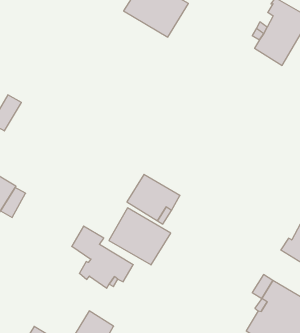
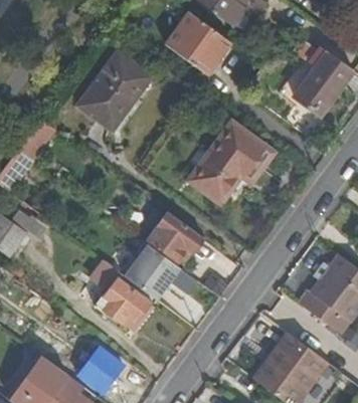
building: none -> [79,54,147,131]
building: none -> [192,125,272,202]

